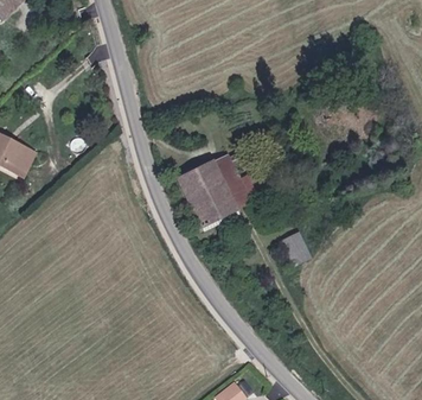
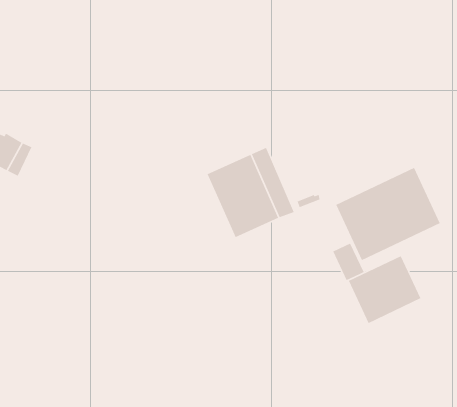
building: none -> [335,167,441,261]
building: none -> [348,255,422,324]

